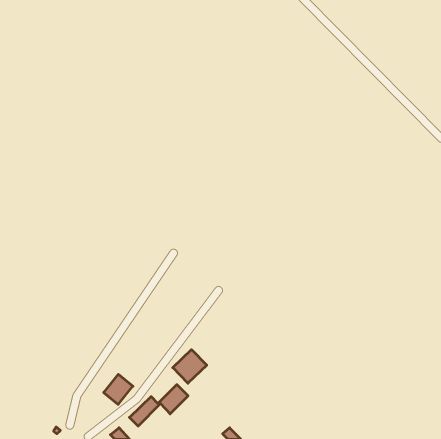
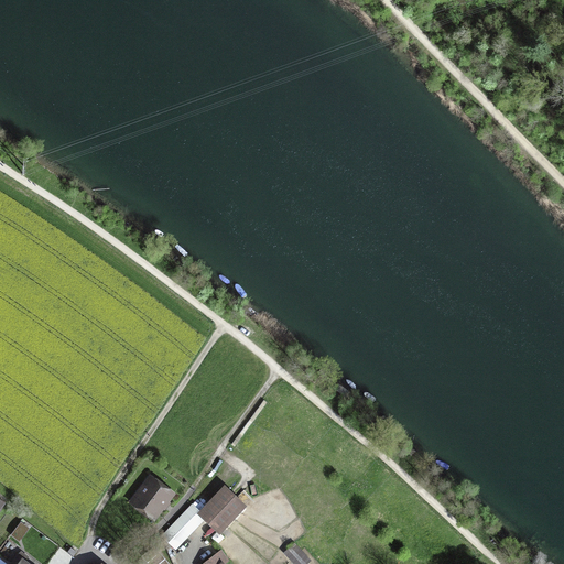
building: [173,350,207,383] -> none

